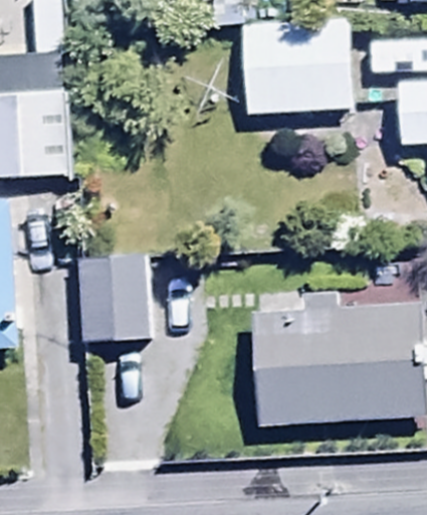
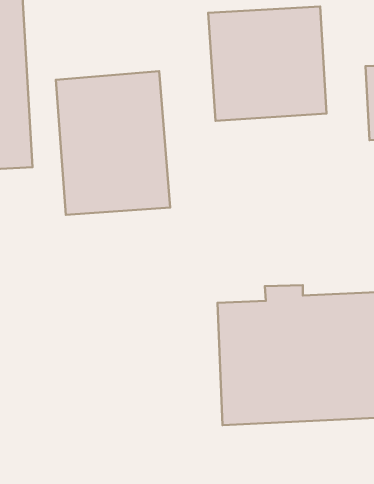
building: none -> [56,71,170,215]
building: [76,248,154,348] -> none

